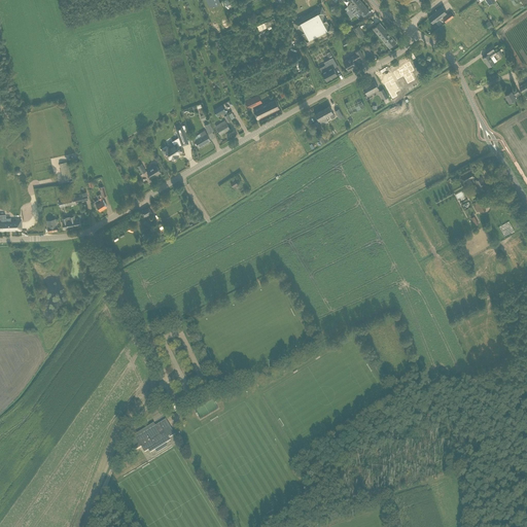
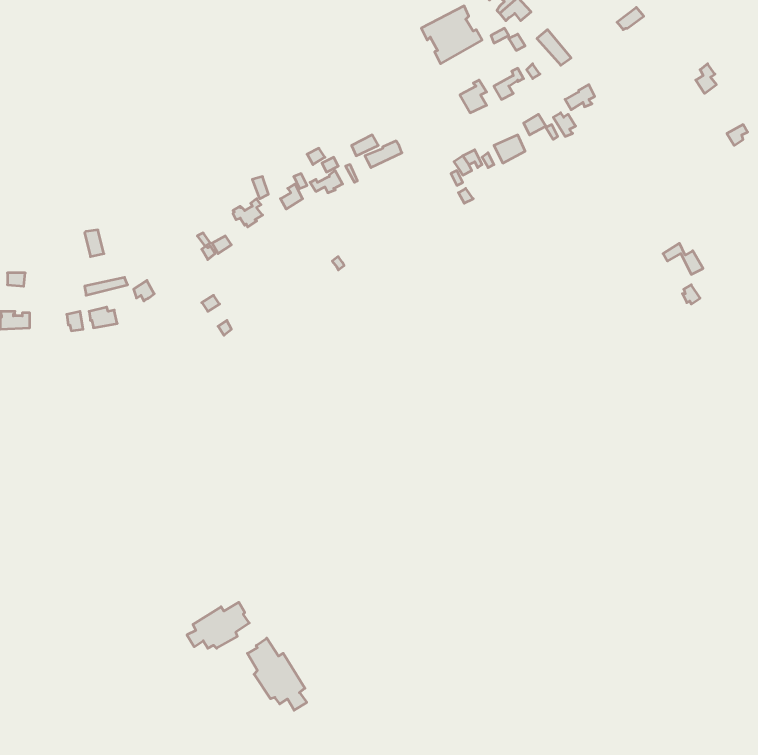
building: none -> [247,638,307,710]

